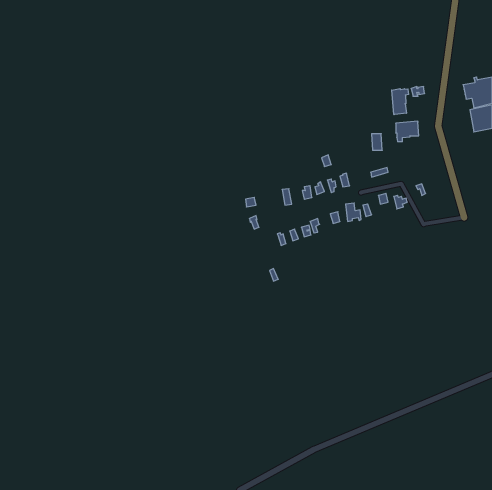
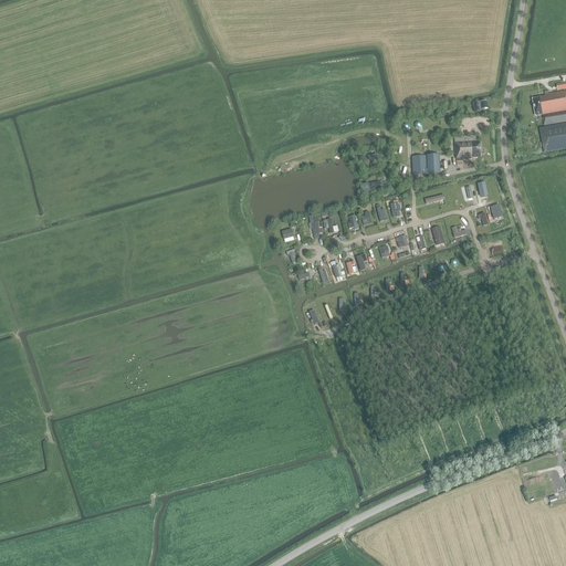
building: [392,89,409,115] -> none

